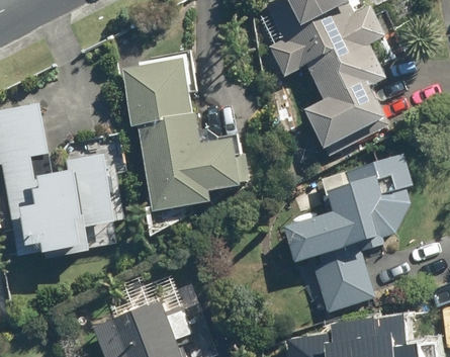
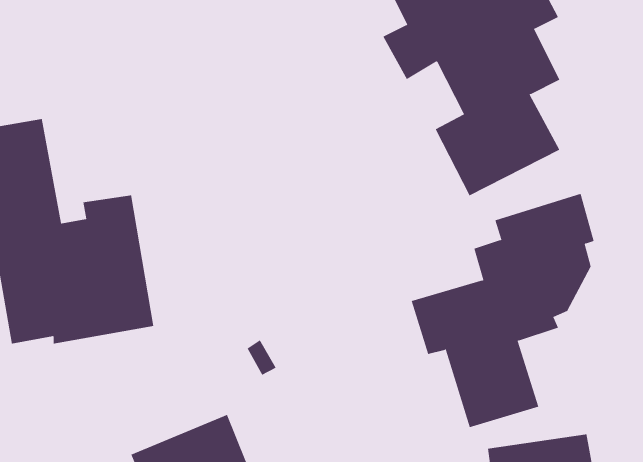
building: [122,59,241,209] -> none

